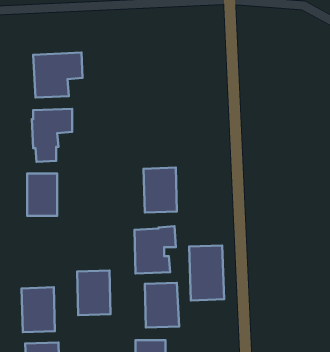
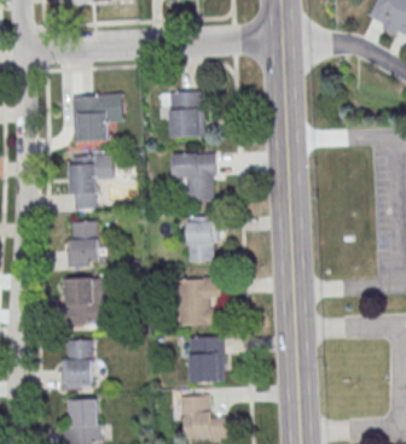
building: none -> [169,90,204,138]
building: none -> [172,153,215,200]
building: [189,245,224,300] -> none
building: [77,270,111,315] -> [63,279,98,326]

